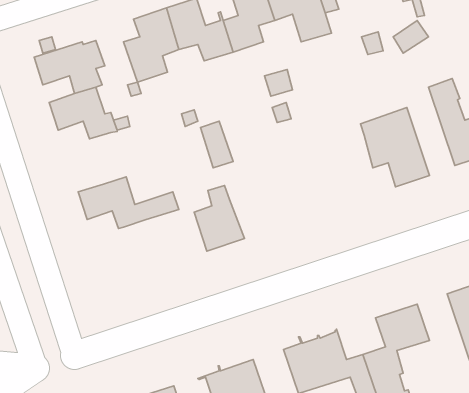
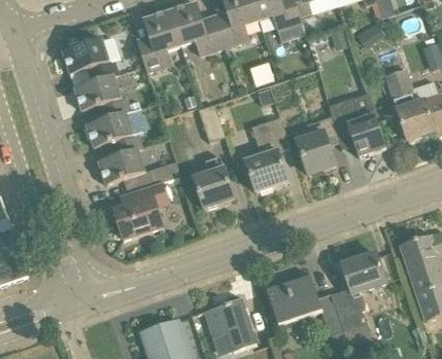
building: none -> [86,112,141,154]
building: none -> [297,114,339,174]
building: none -> [244,117,290,191]
building: none -> [113,181,167,239]

